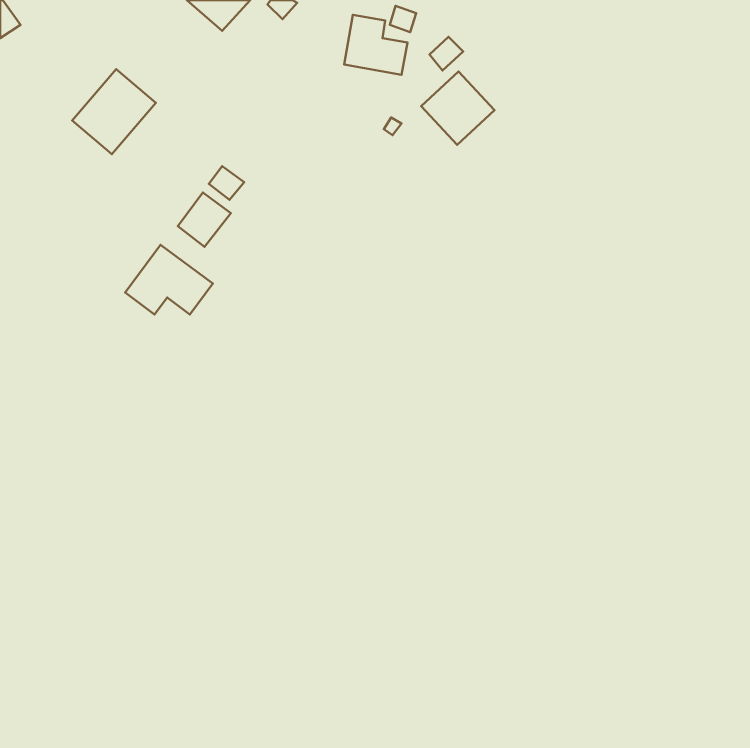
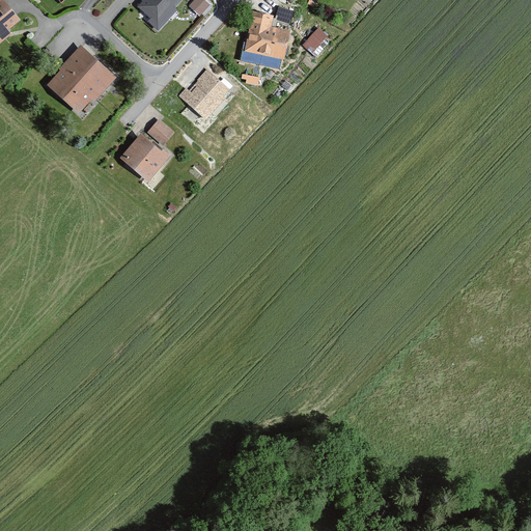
building: [421,71,495,145] -> none
building: none -> [183,72,223,114]
building: [125,245,213,314] -> none

